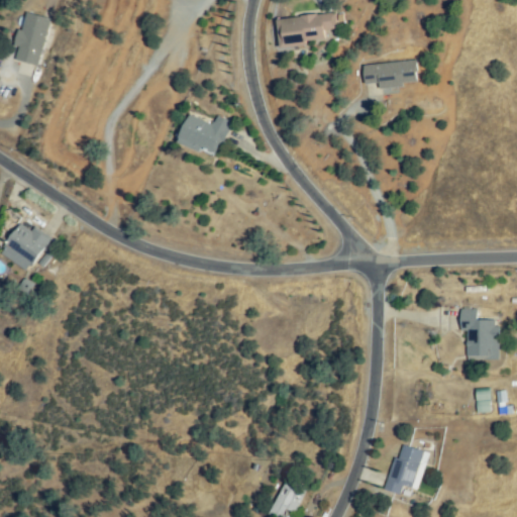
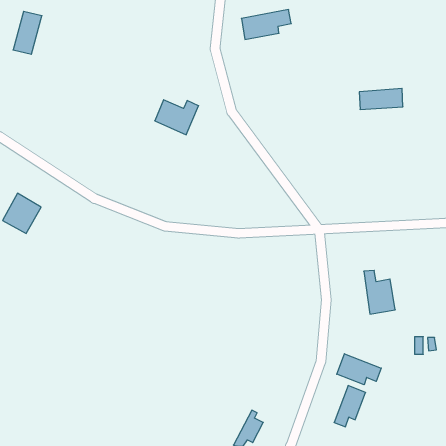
building: [366,62,416,86] -> [359,88,403,109]
building: [462,309,499,359] -> [364,270,395,314]
building: none -> [337,354,381,385]

